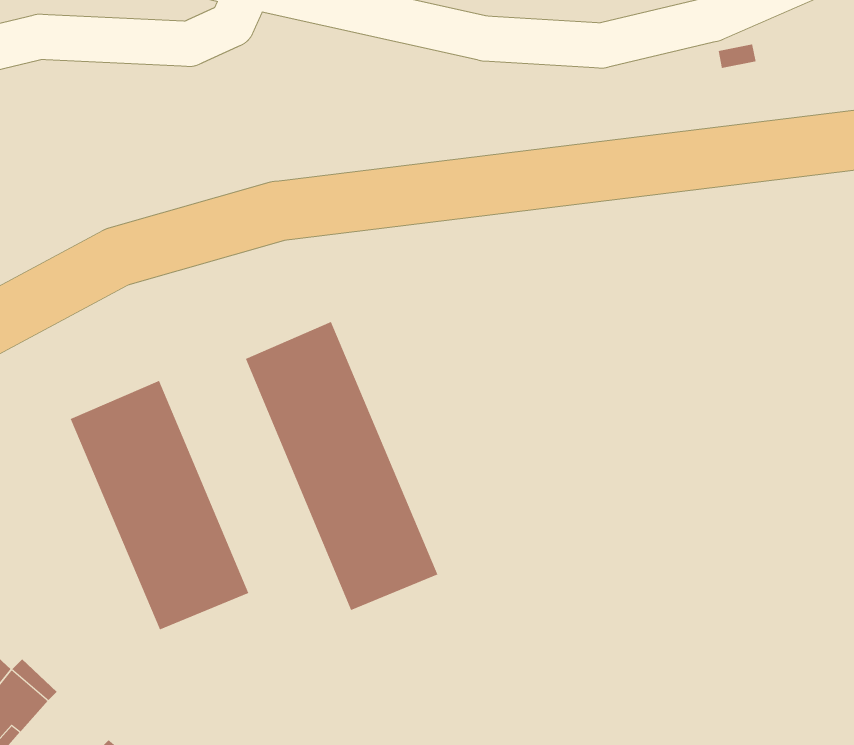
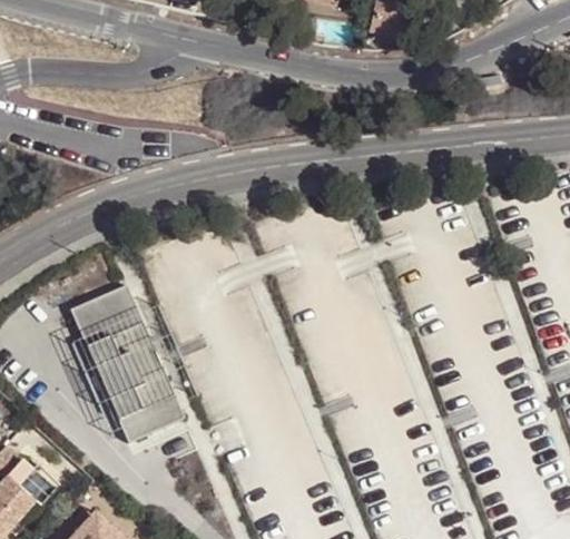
building: [245,321,438,611] -> none

